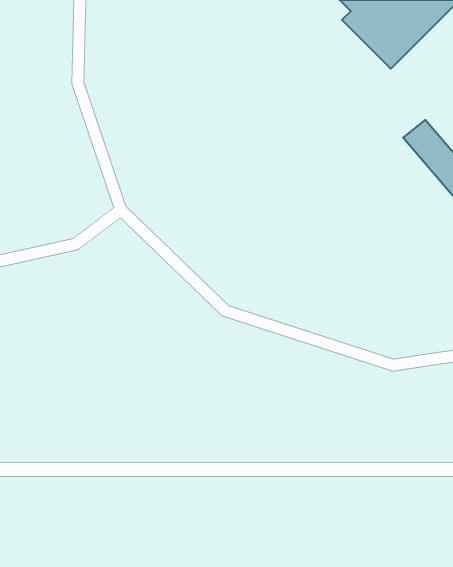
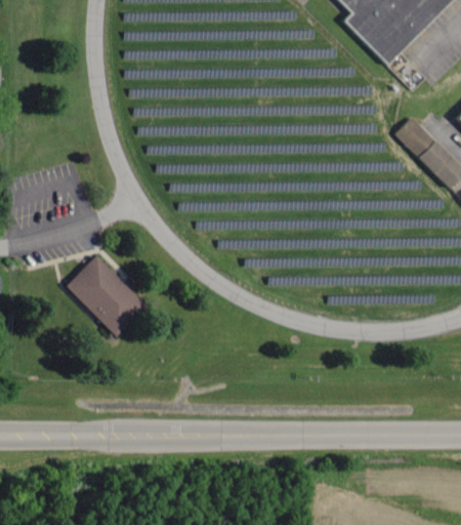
building: none -> [67,252,151,335]

